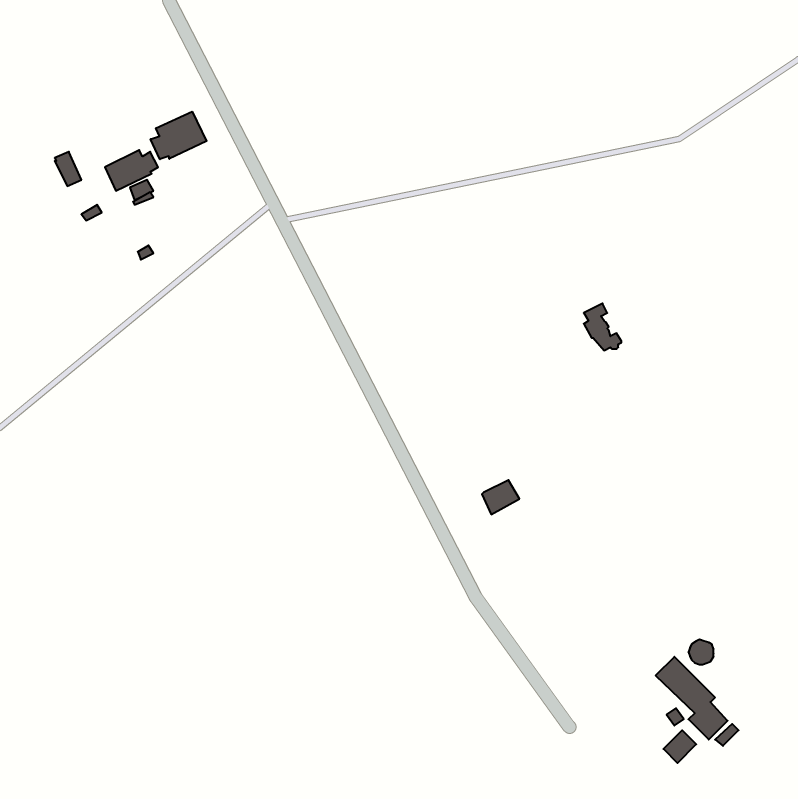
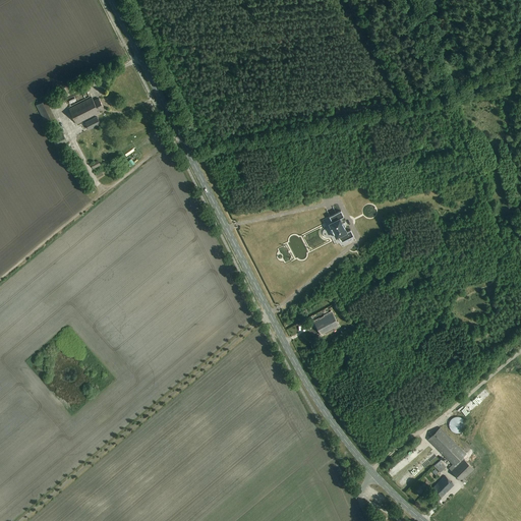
building: [151,112,207,159] -> none
building: [584,303,621,350] -> [328,211,352,241]

